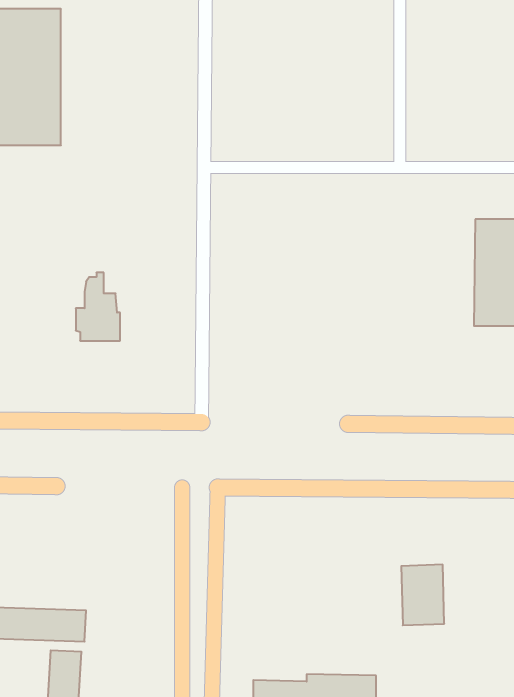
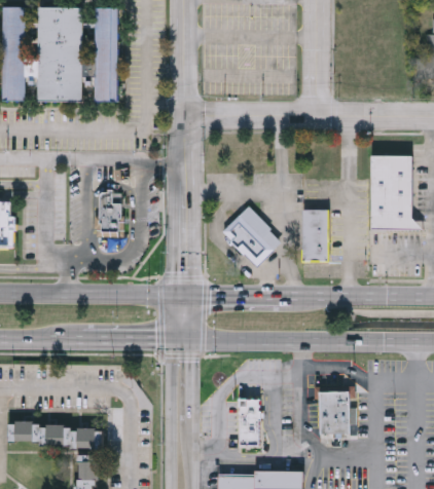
building: none -> [96,9,119,103]
building: none -> [220,206,278,264]
building: none -> [302,209,326,259]
building: none -> [236,398,258,444]

